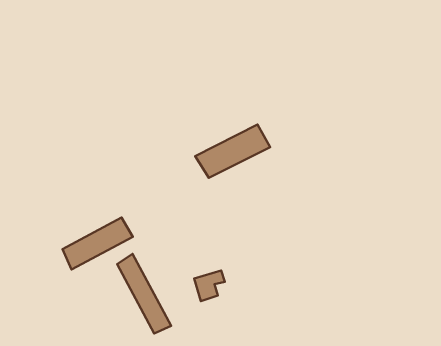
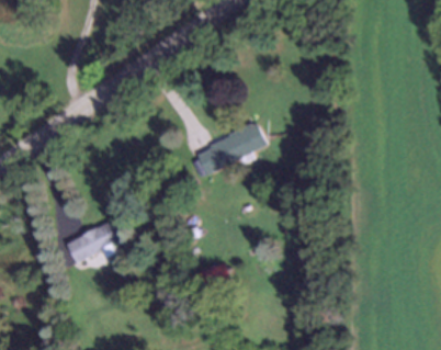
building: [117,254,171,334] -> none

